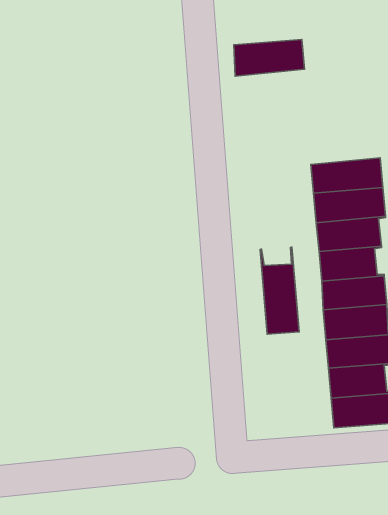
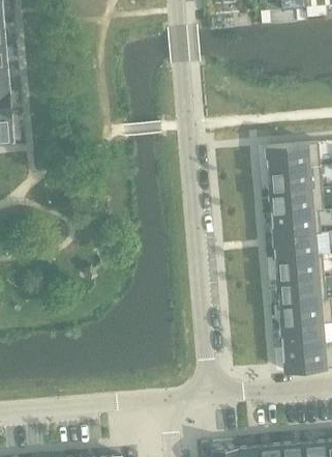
building: [234,39,304,76] -> [265,143,319,171]
building: [260,247,299,334] -> none

